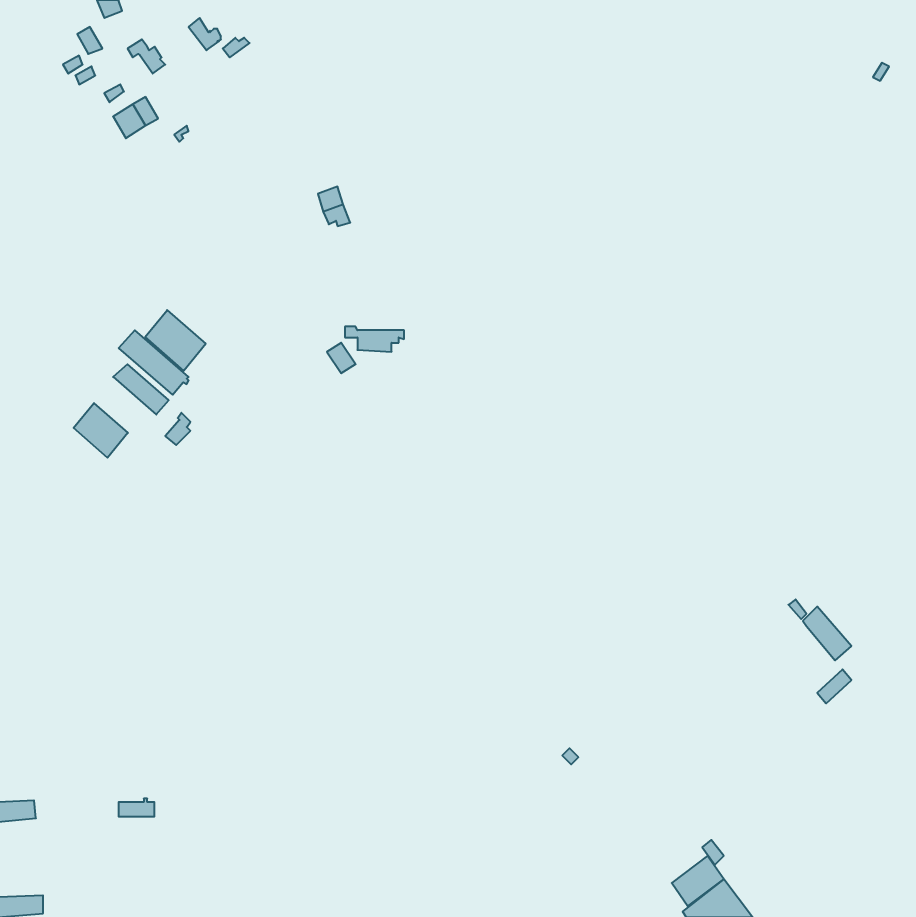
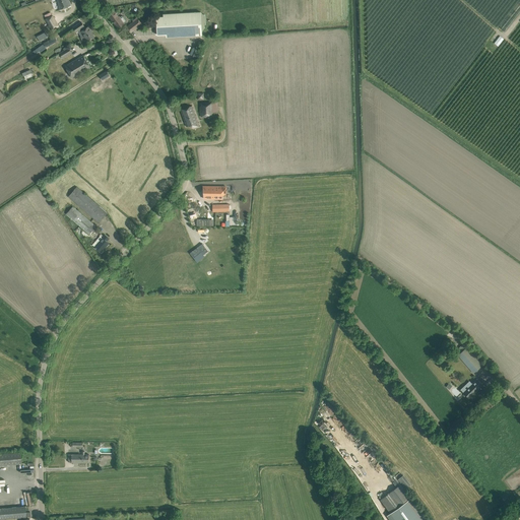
building: none -> [155,12,201,36]
building: [145,310,206,371] -> none
building: [74,403,128,458] -> none

